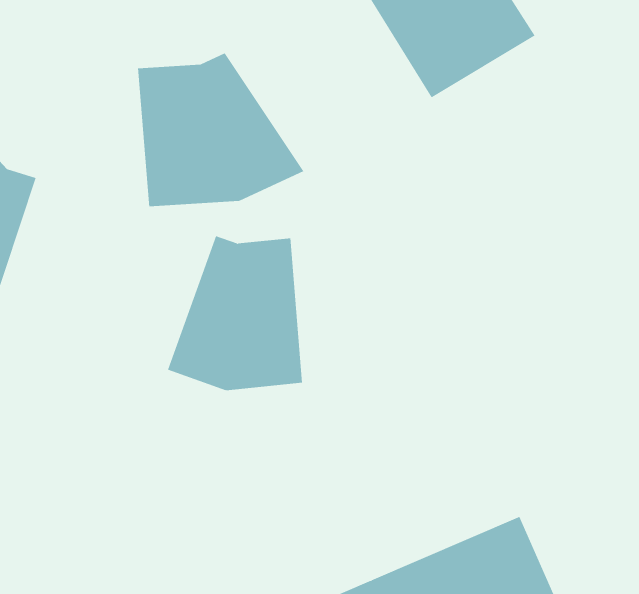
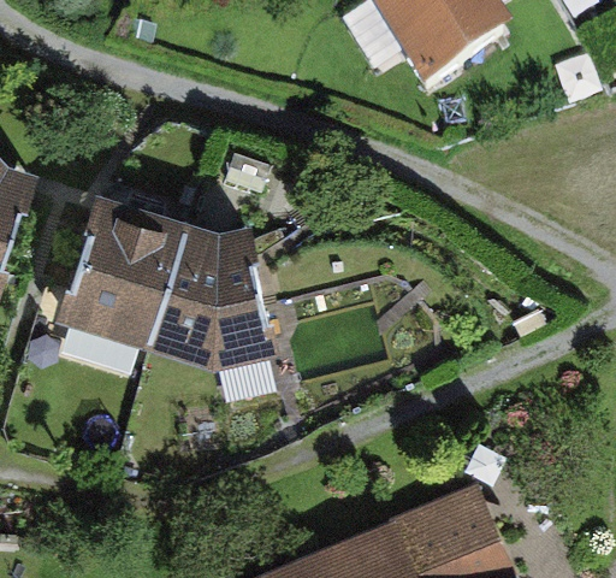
building: [137,52,304,207] -> none
building: none -> [63,189,205,348]

